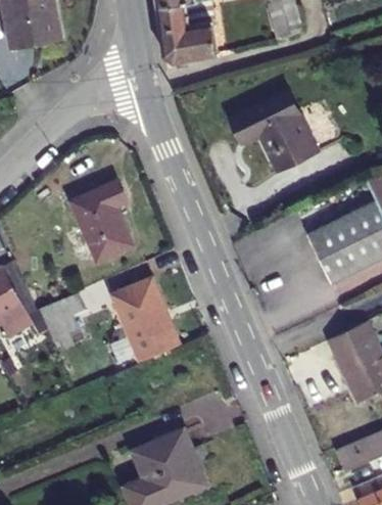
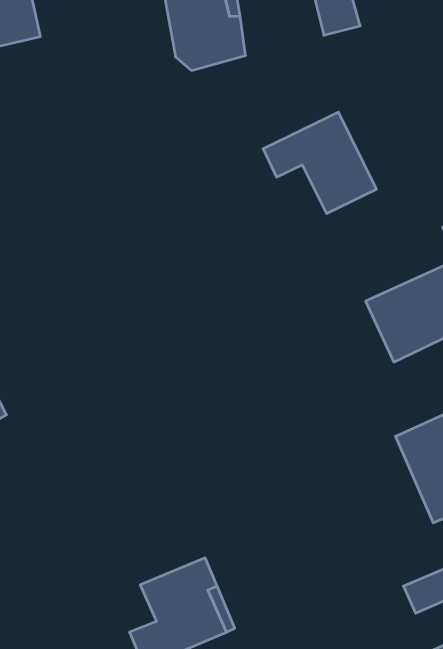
building: [70,181,133,260] -> none
building: [111,275,180,359] -> none
building: [40,290,87,339] -> none

